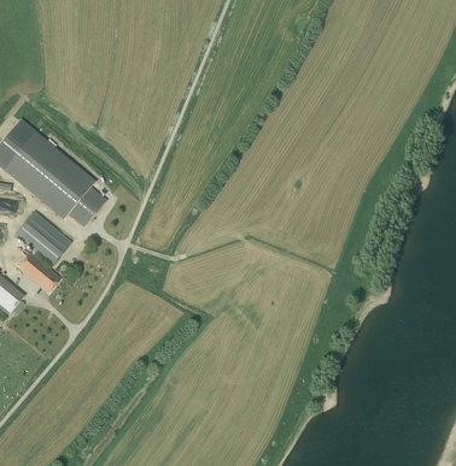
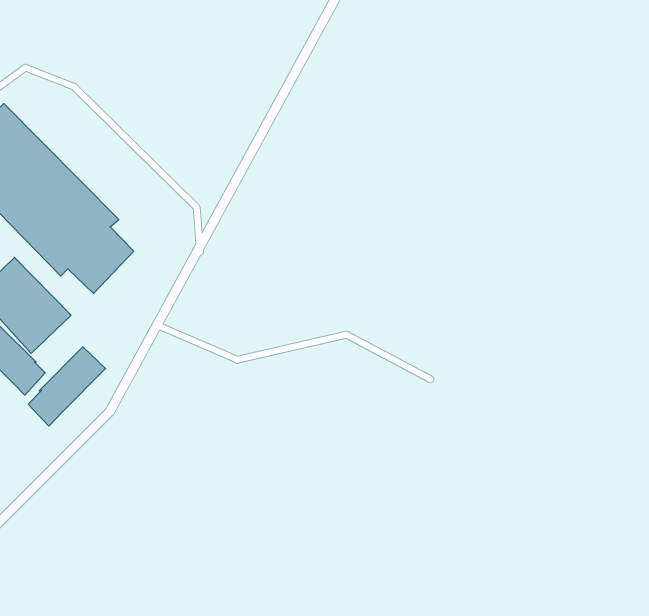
building: none -> [28,347,106,426]

